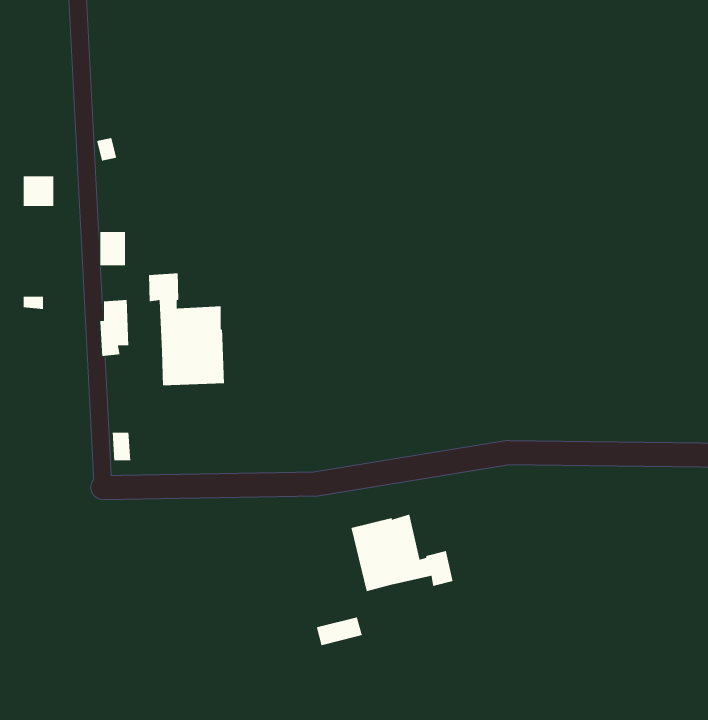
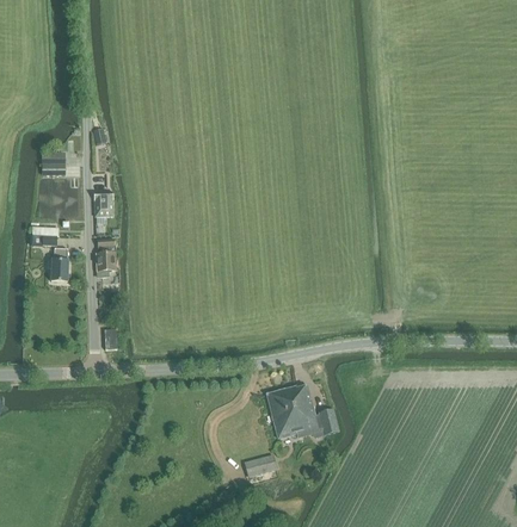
building: [148,273,225,386] -> none
building: none -> [47,247,67,280]

